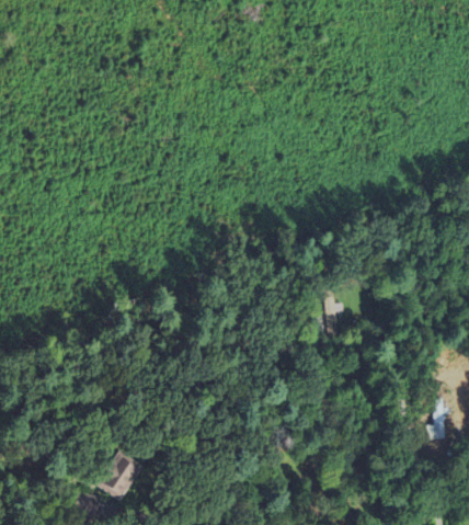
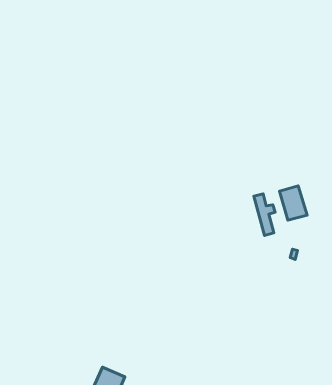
building: none -> [280,186,307,220]

